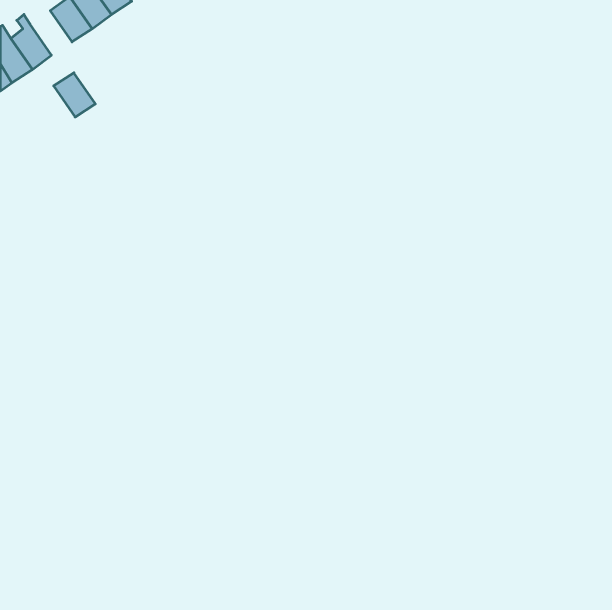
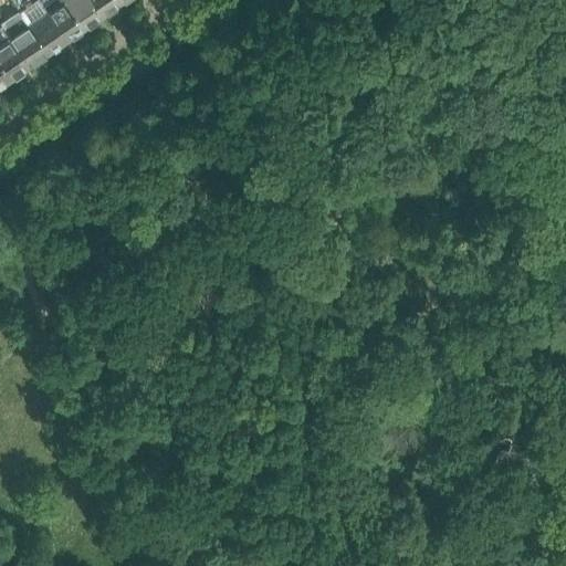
building: [54,73,95,117] -> [28,10,66,51]

